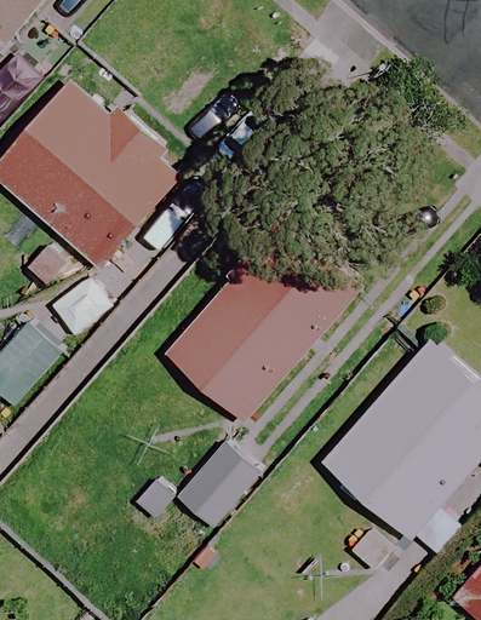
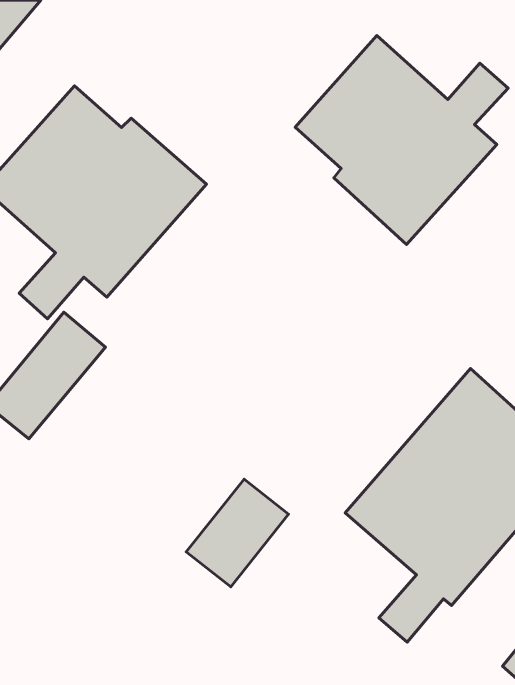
building: none -> [295,36,508,244]
building: [165,219,363,423] -> none

